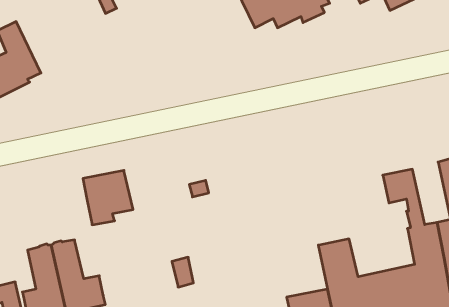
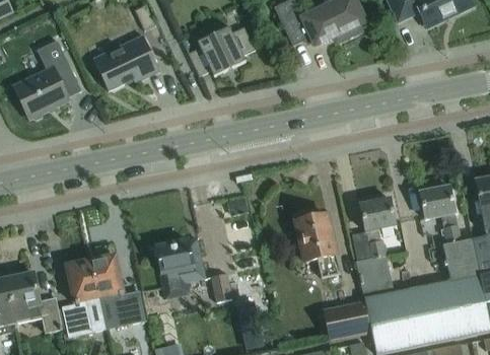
building: none -> [181,26,255,76]
building: none -> [92,36,159,90]
building: [83,170,133,225] -> [155,238,205,292]
building: none -> [351,198,395,261]
building: none -> [294,211,339,278]

